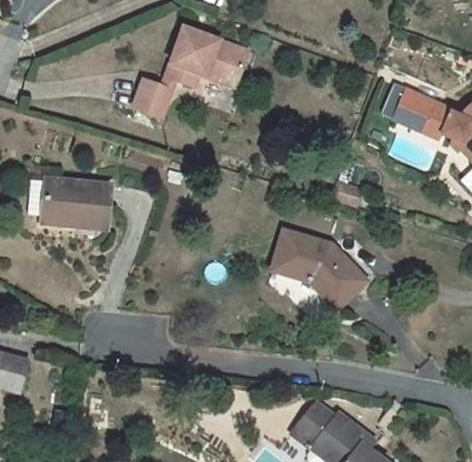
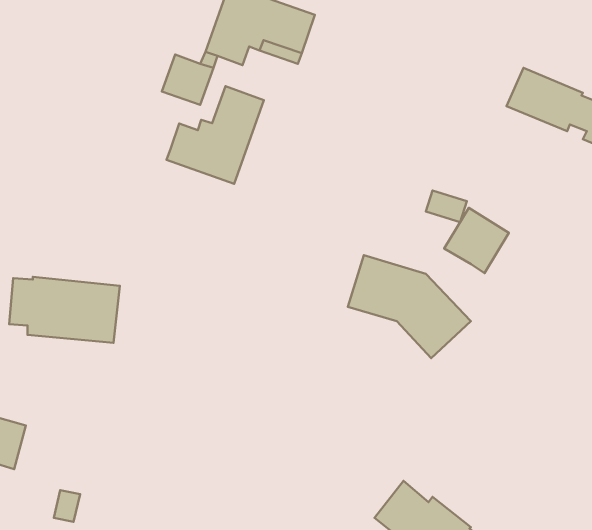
building: none -> [167,86,264,184]
building: [27,177,111,227] -> [9,277,120,343]
building: none -> [444,208,509,273]

